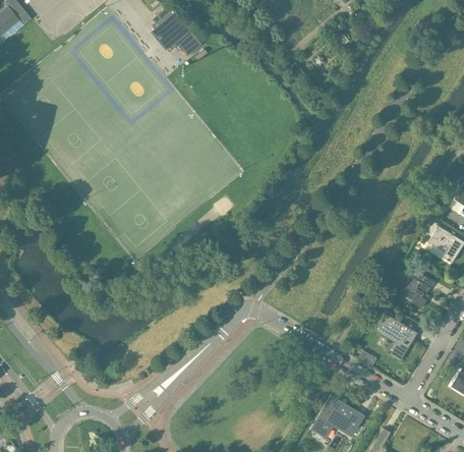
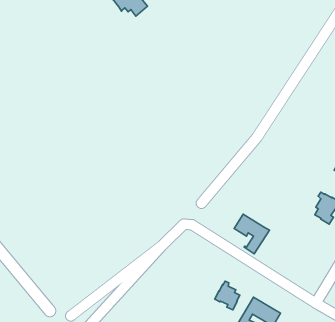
building: [375,314,418,361] -> [234,214,269,254]
building: none -> [215,281,240,310]

